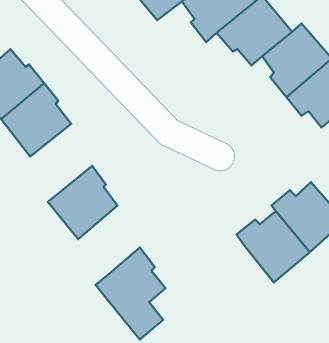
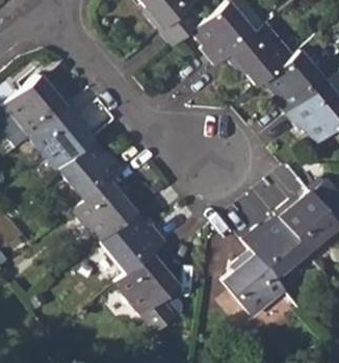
building: none -> [57,138,123,200]
building: none -> [100,211,165,274]
building: none -> [219,249,282,315]

